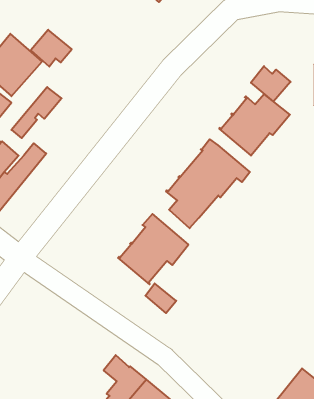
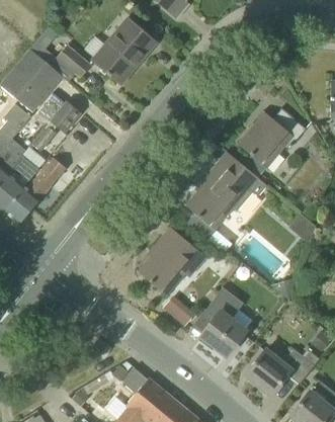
building: none -> [94,19,156,83]
building: [251,66,291,102] -> none
building: none -> [200,286,247,355]
building: none -> [246,348,320,394]

